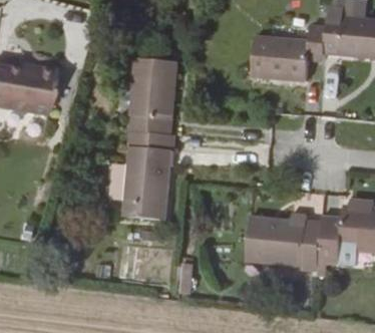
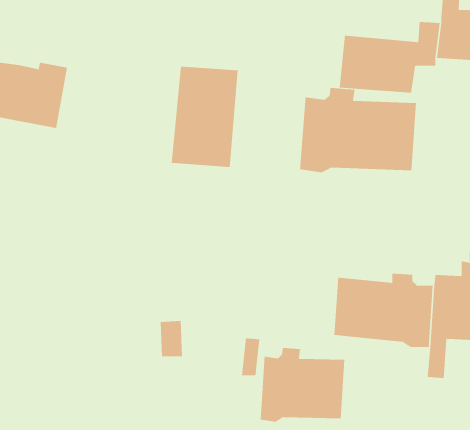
building: none -> [300,87,416,173]
building: [124,133,174,221] -> none
building: none -> [260,347,345,422]

